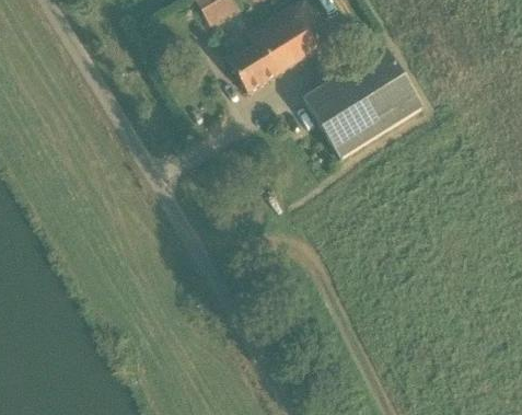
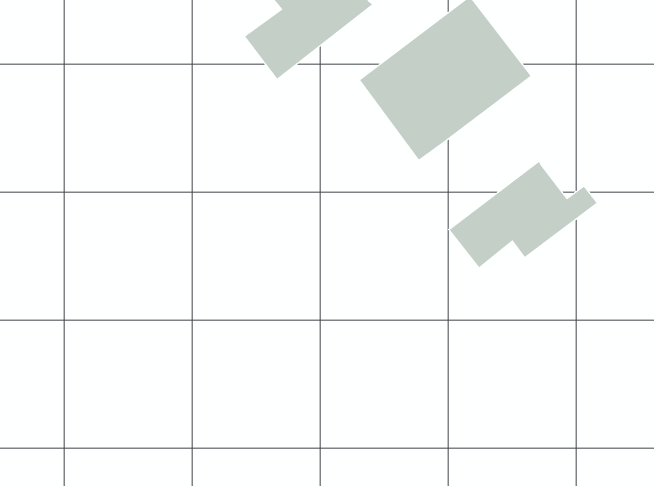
building: none -> [449,161,598,268]

